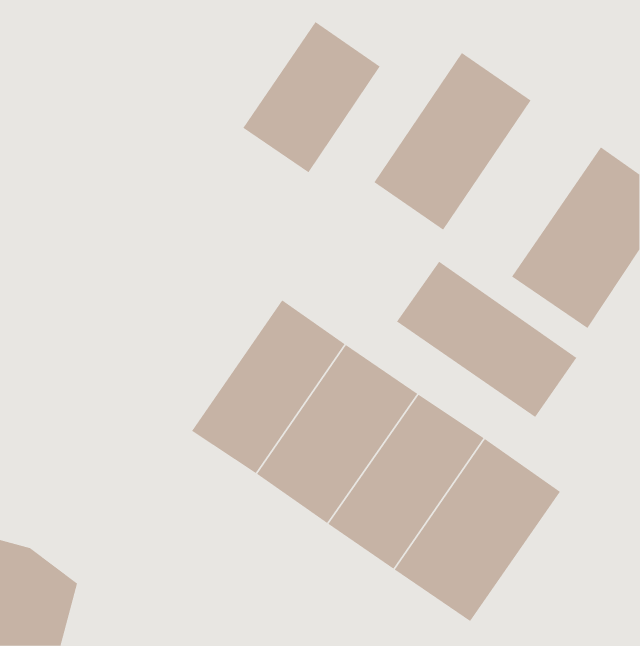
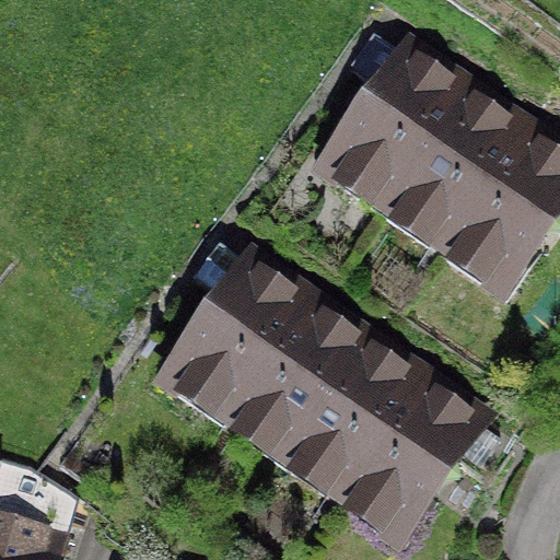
building: [242,21,381,173] -> none
building: none -> [381,86,515,237]
building: [396,261,577,418] -> none

